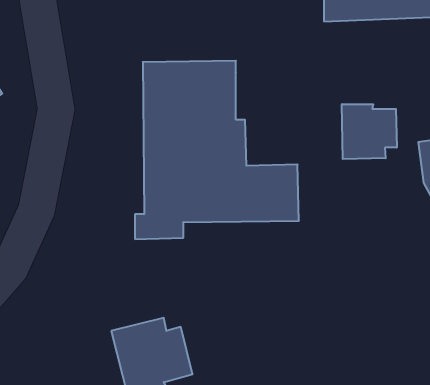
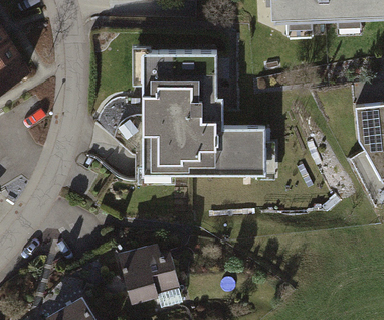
building: [342,104,397,159] -> none

